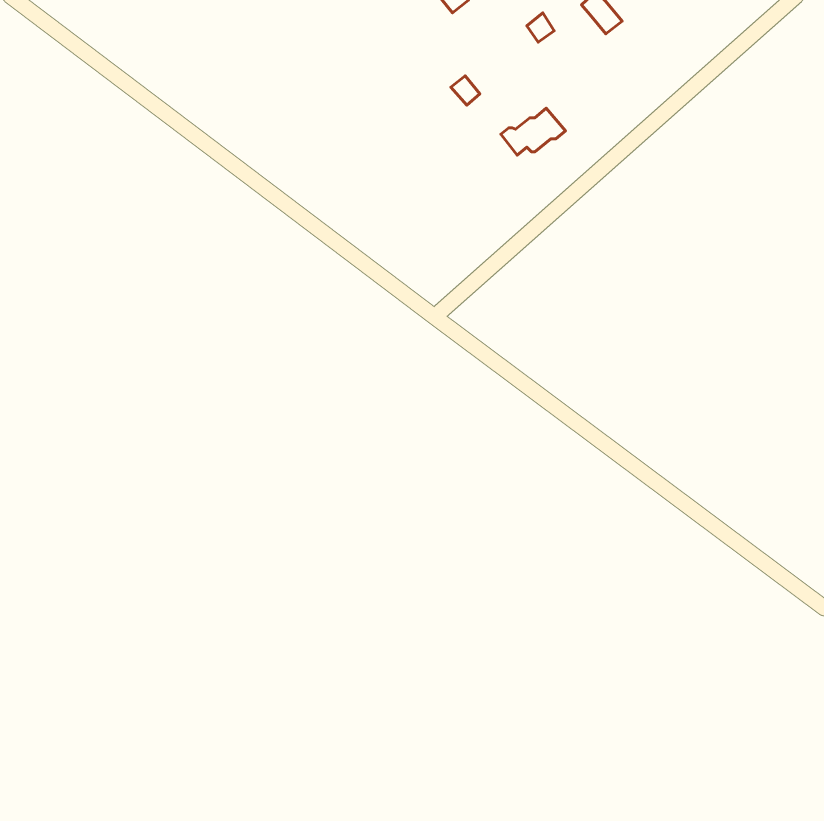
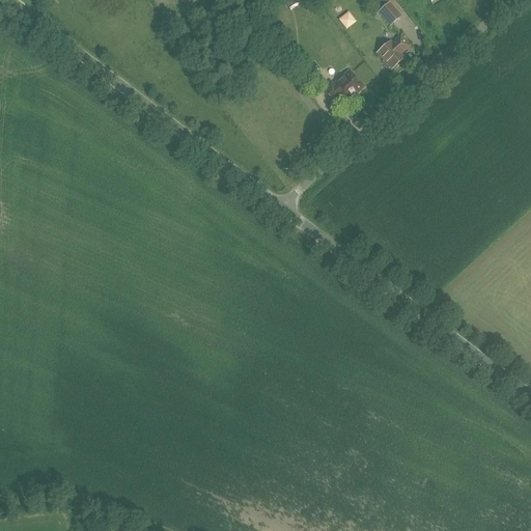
building: none -> [376,33,409,66]

